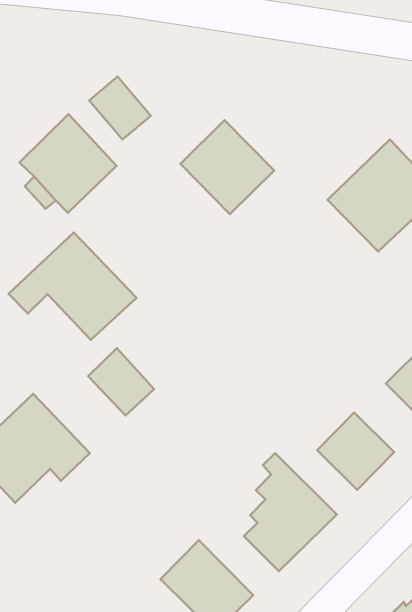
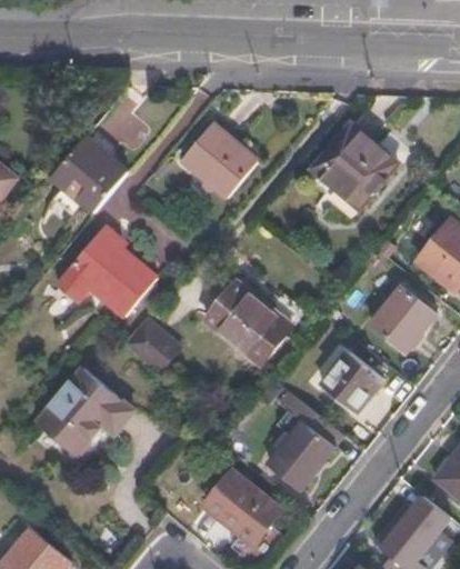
building: none -> [204,281,292,366]

